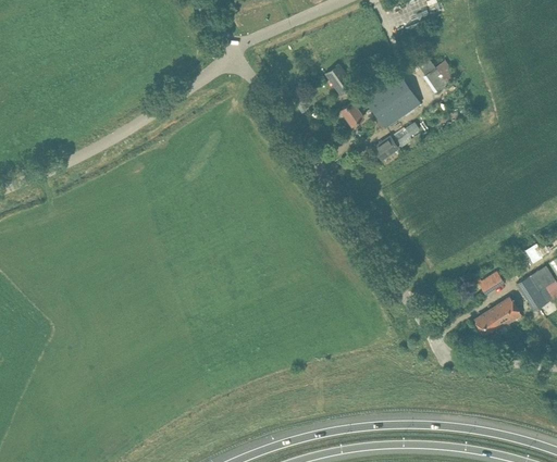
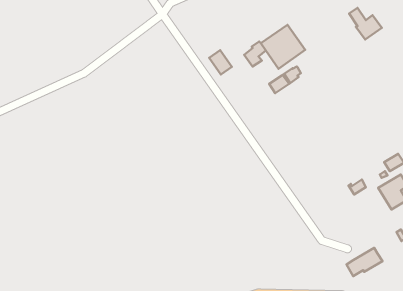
building: [414,51,457,92] -> [349,8,382,39]
building: [325,64,355,96] -> [209,50,232,74]
building: [475,298,522,335] -> [347,248,382,276]

